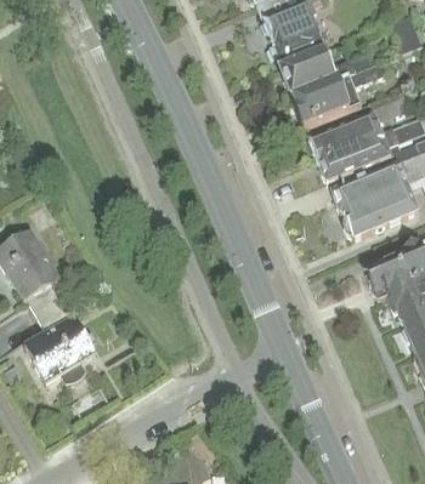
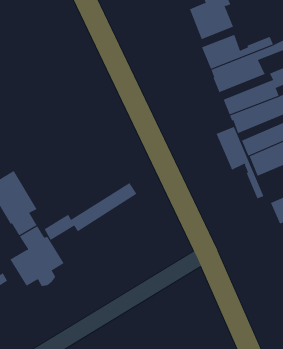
building: none -> [216,126,264,199]
building: none -> [44,182,137,241]

